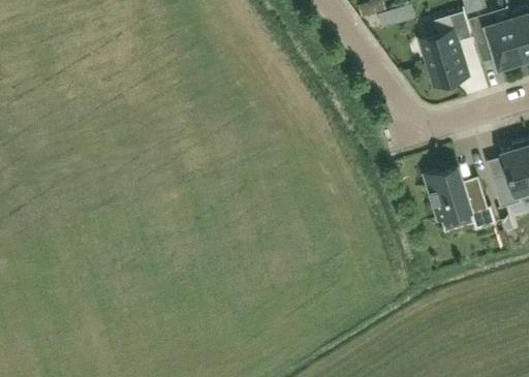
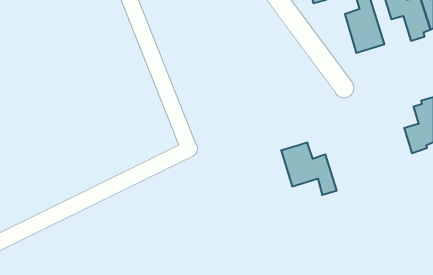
building: [427,165,494,228] -> [281,143,337,195]

